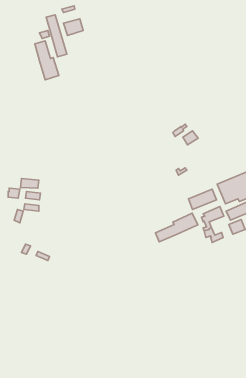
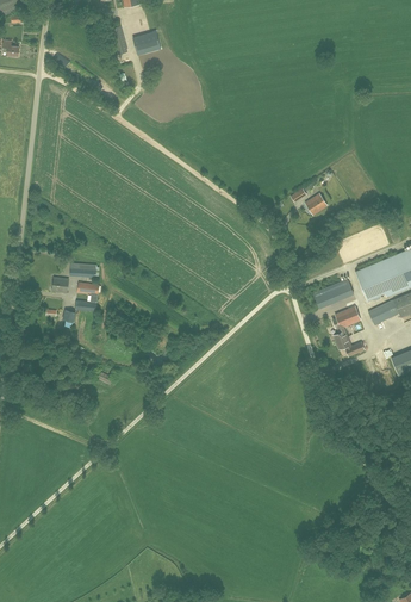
building: [35,41,59,80] -> none
building: [156,213,198,242] -> none

